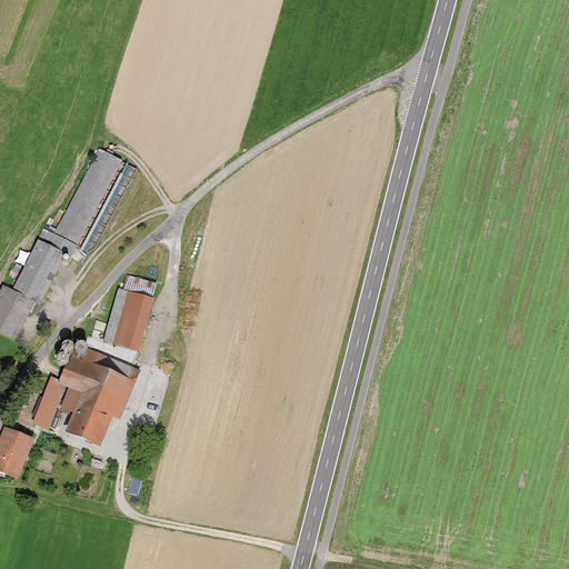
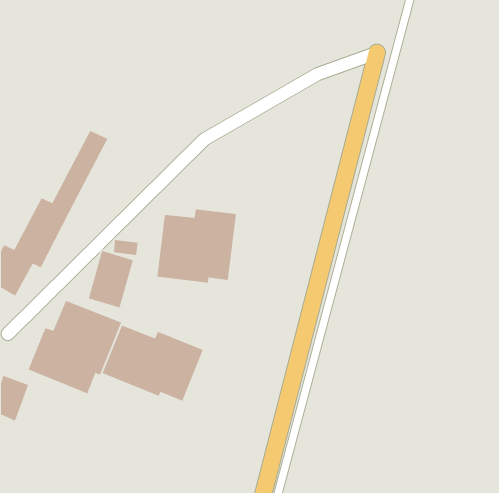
building: none -> [156,209,237,283]
building: none -> [102,325,204,402]

